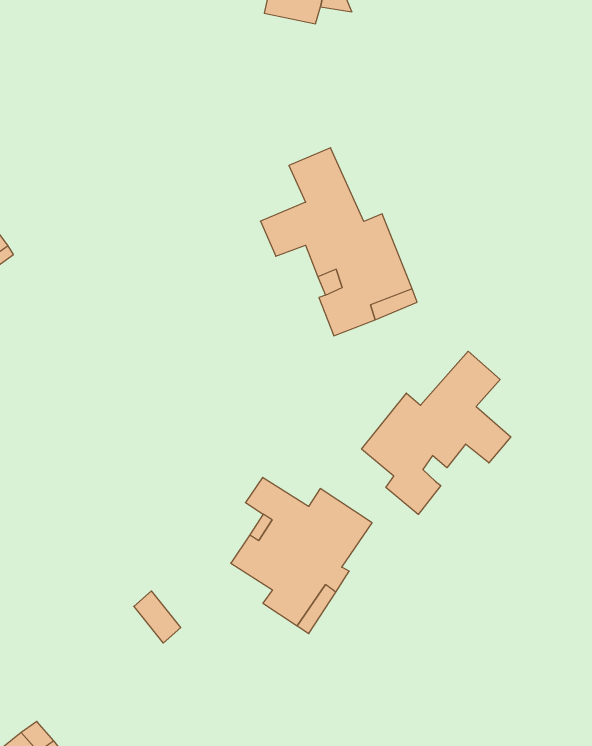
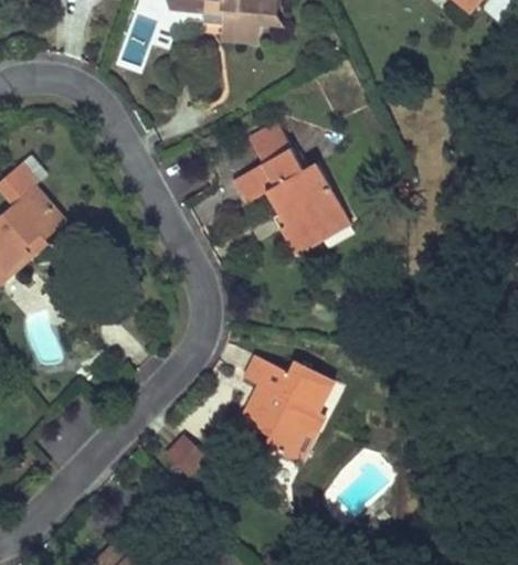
building: [362,351,511,514] -> none

